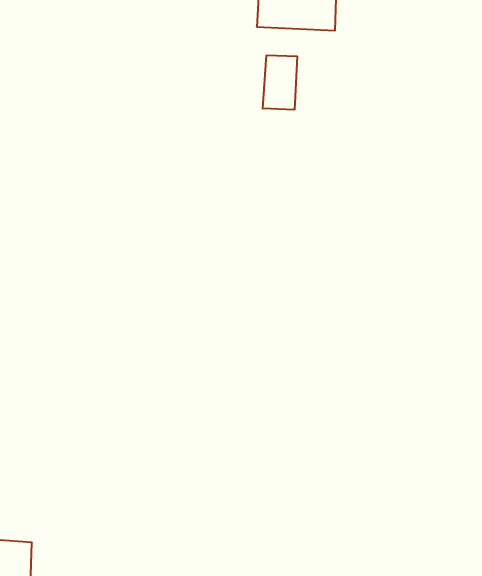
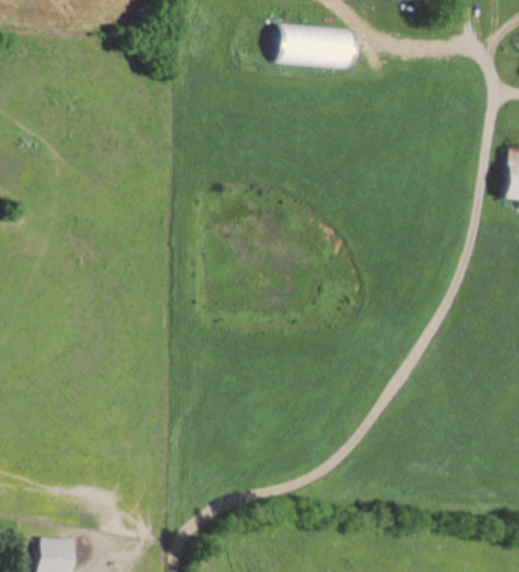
building: [263,55,297,110] -> none

